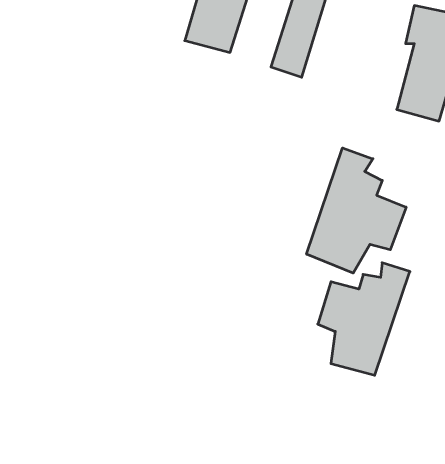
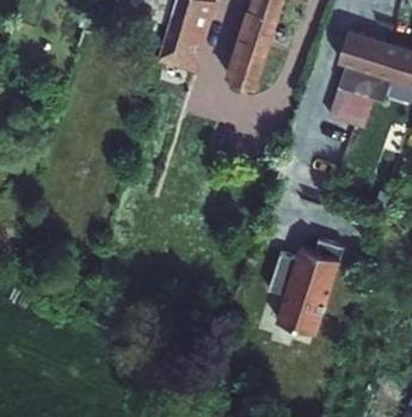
building: [307,148,406,273] -> none

